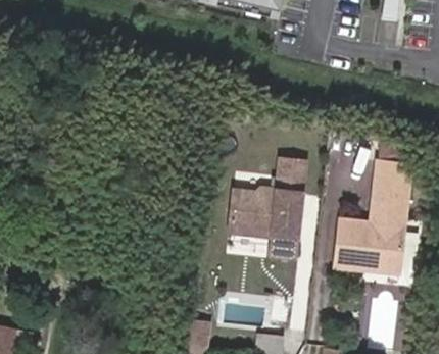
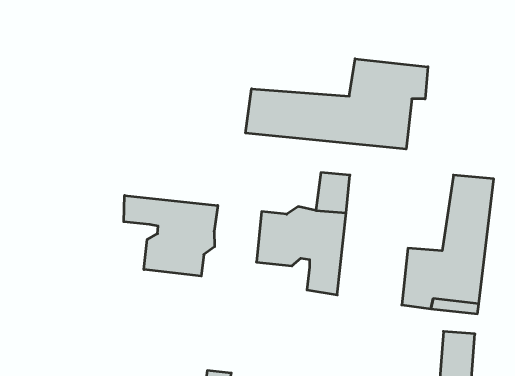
building: none -> [246,59,428,149]
building: none -> [124,195,218,276]

